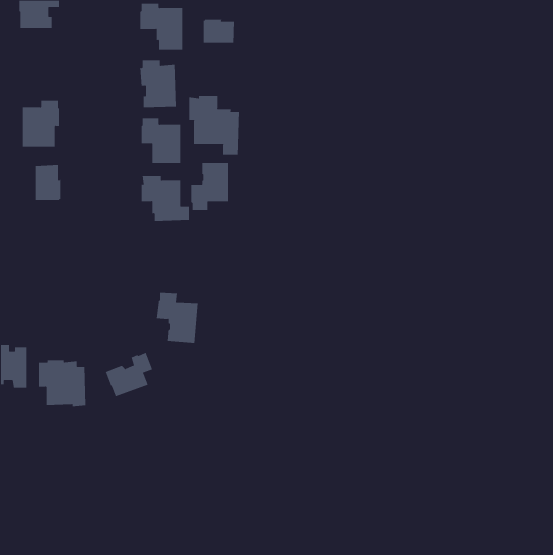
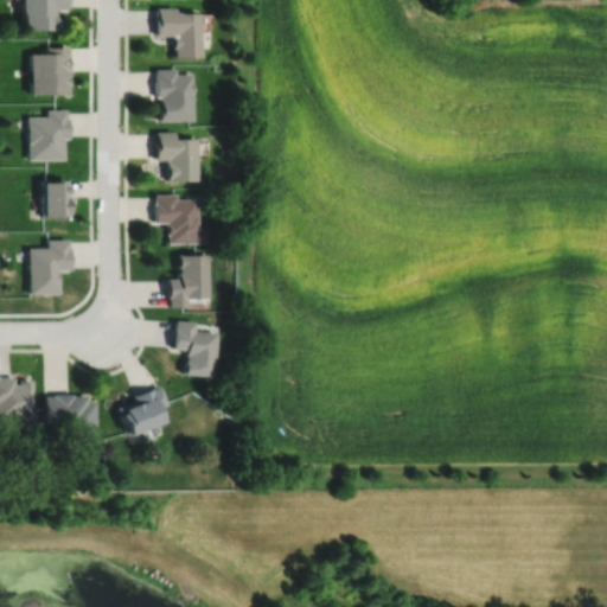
building: [203,19,235,44] -> none
building: none -> [32,49,71,97]
building: [189,95,239,156] -> none
building: [191,163,229,211] -> [170,254,211,306]
building: none -> [30,238,74,293]

